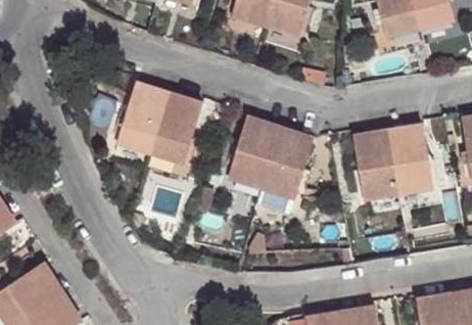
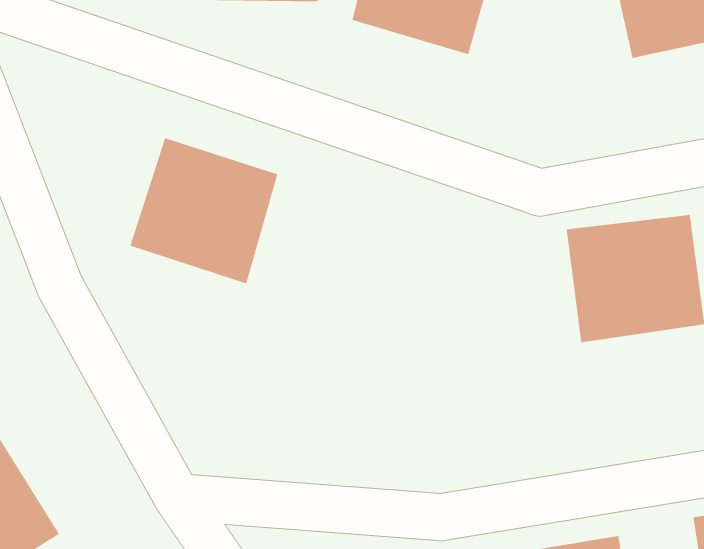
building: [223,114,309,199] -> none

